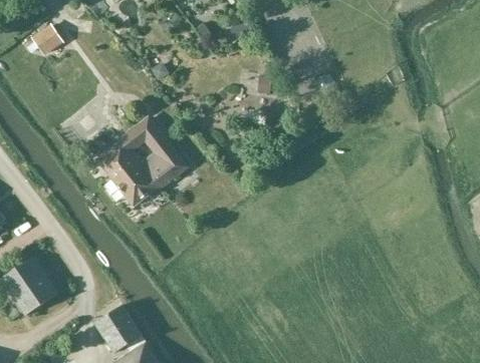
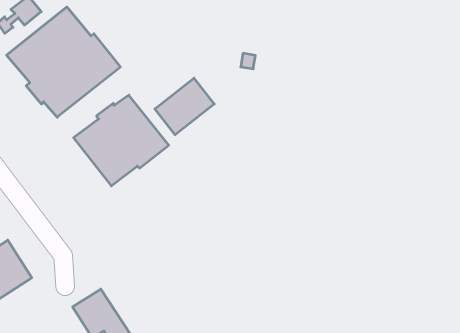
building: none -> [7,7,120,117]
building: none -> [155,78,214,135]

